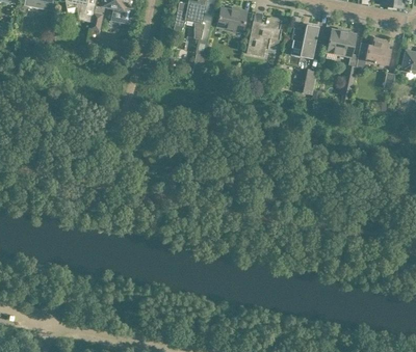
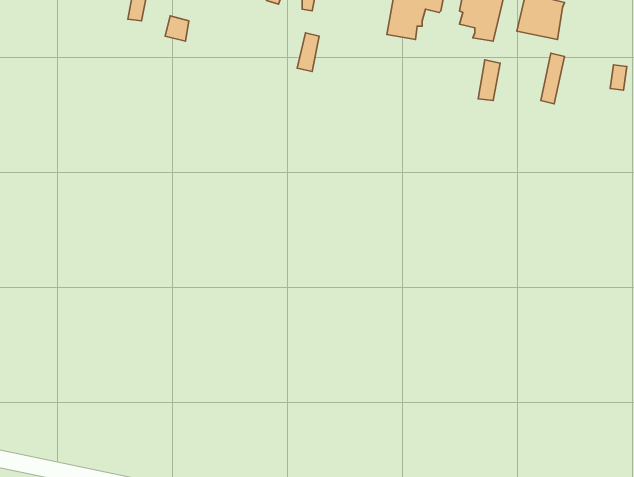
building: [357,37,391,66] -> none

